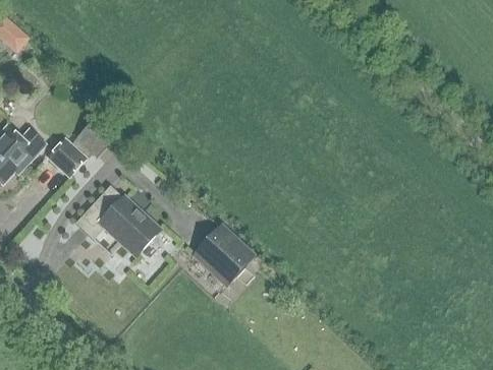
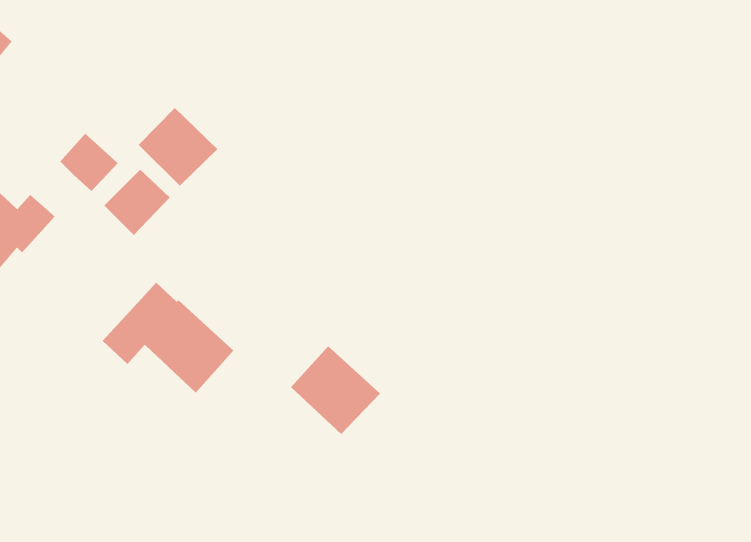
building: none -> [138,107,218,187]
building: [48,139,86,177] -> [60,133,119,192]

